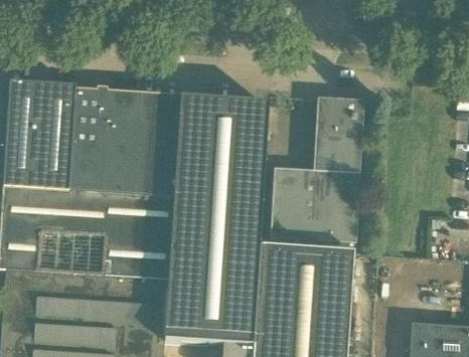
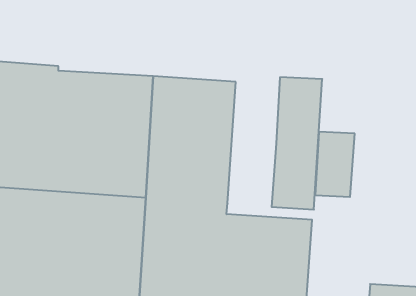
building: [270,166,313,237] -> [315,132,355,197]

